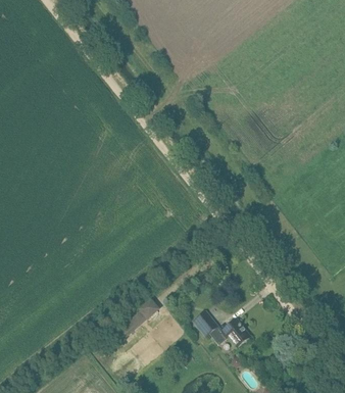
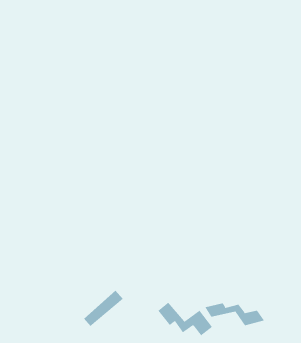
building: none -> [204,302,265,326]

